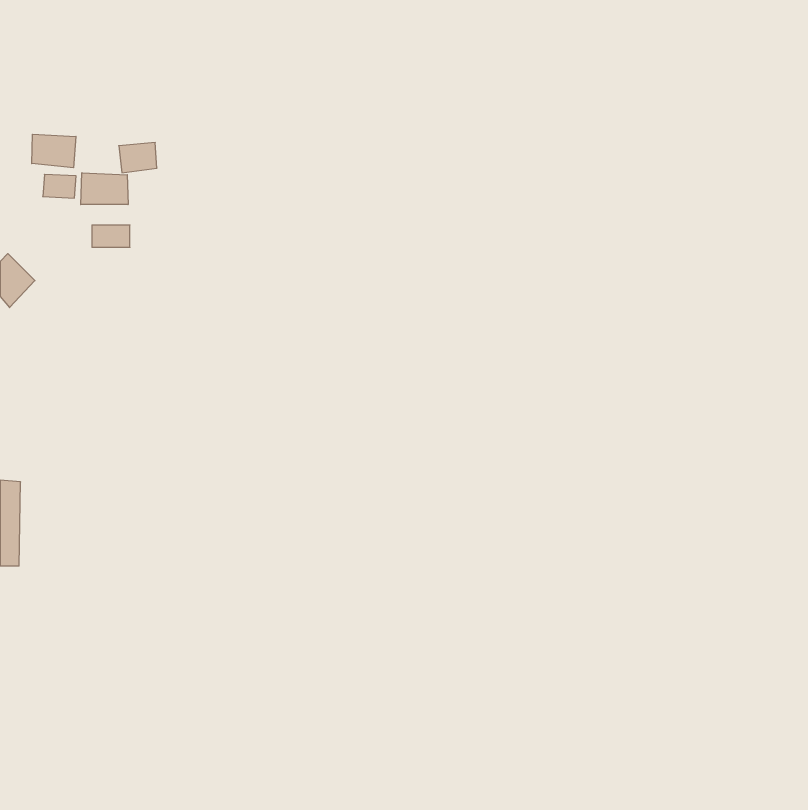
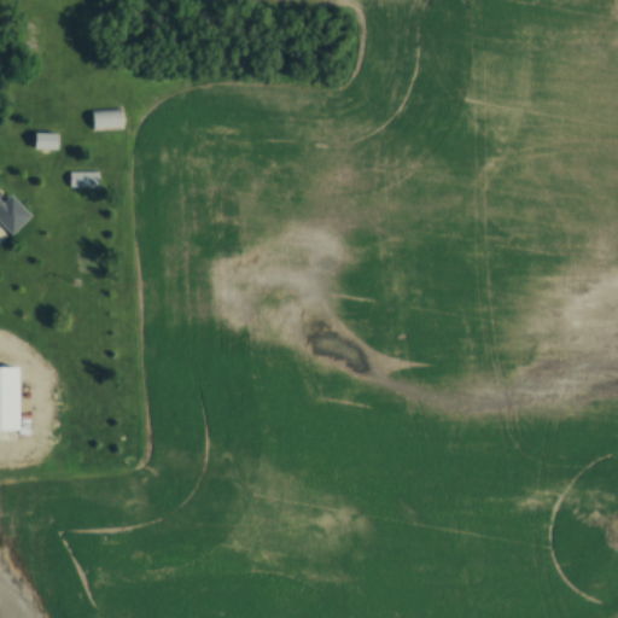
building: [32,134,76,168] -> none
building: [81,173,128,205] -> none

